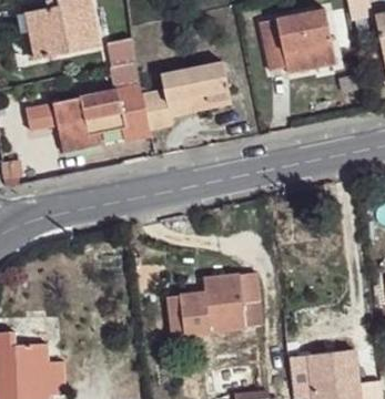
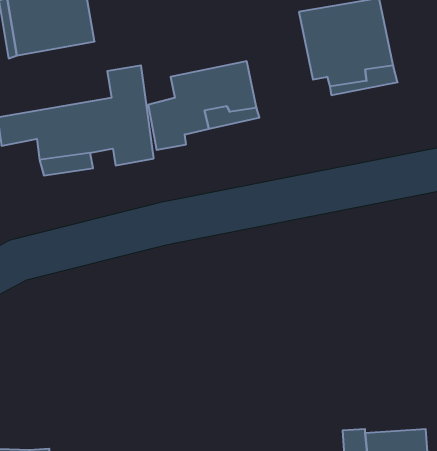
building: [169,273,259,337] -> none

